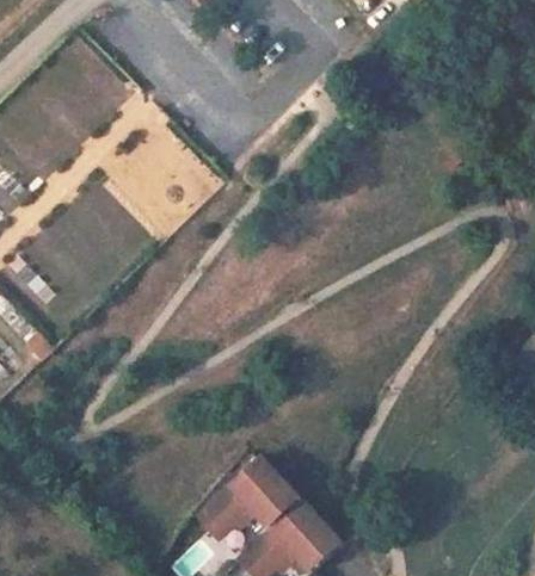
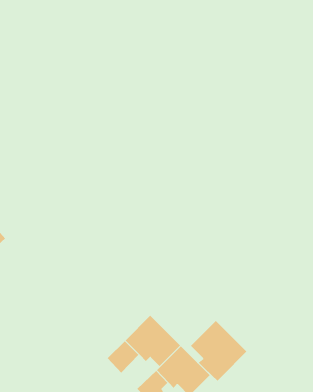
building: none -> [190,320,247,381]

